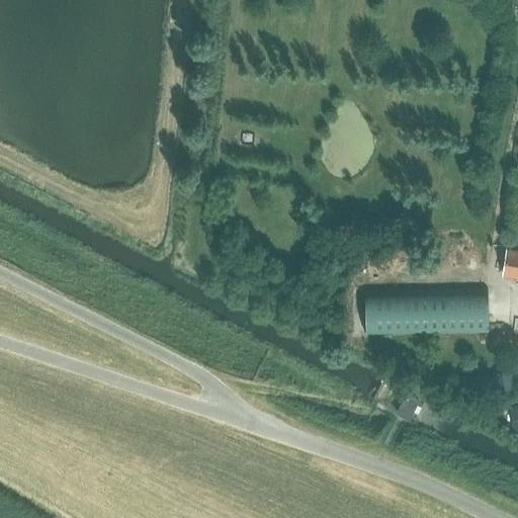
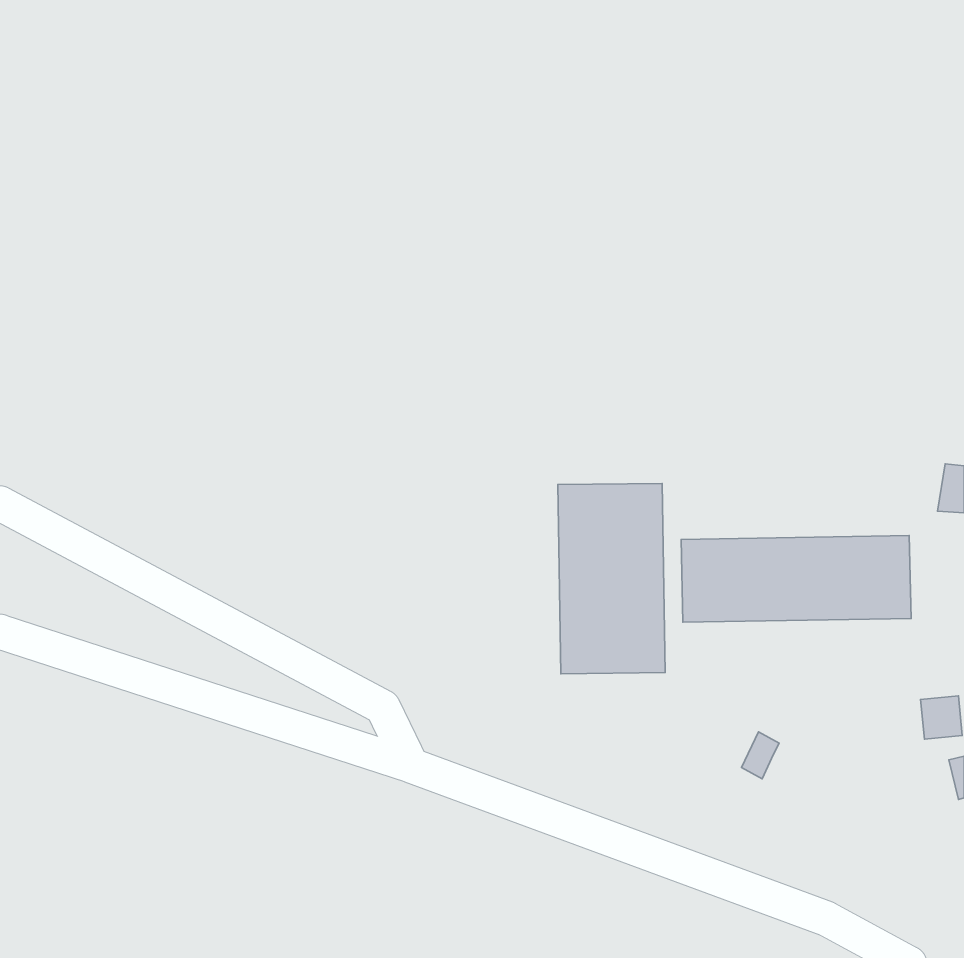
building: none -> [558,483,665,674]

